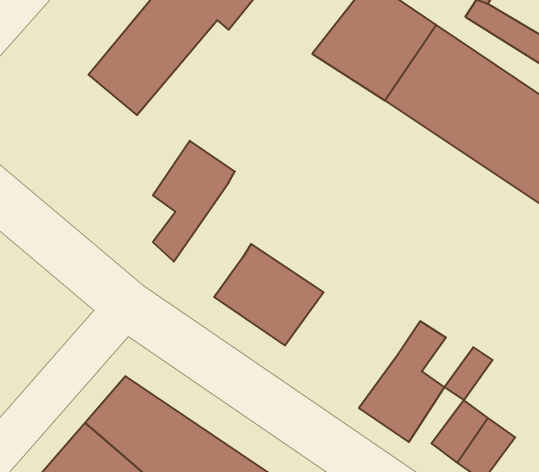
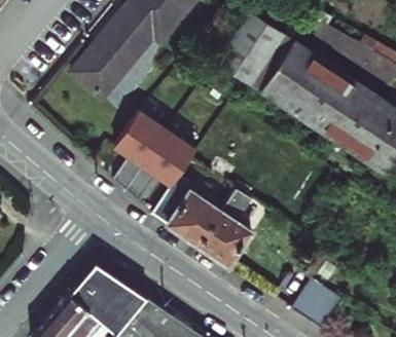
building: none -> [127,134,194,202]
building: [359,321,446,442] -> [197,189,253,266]

